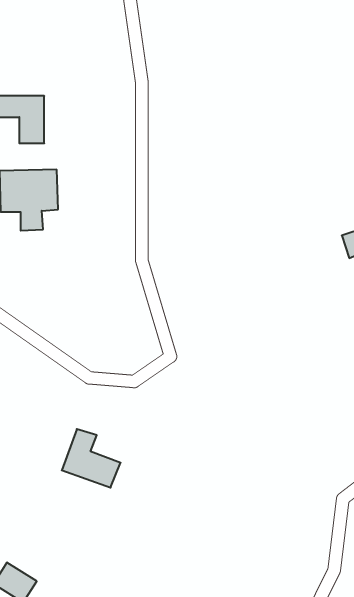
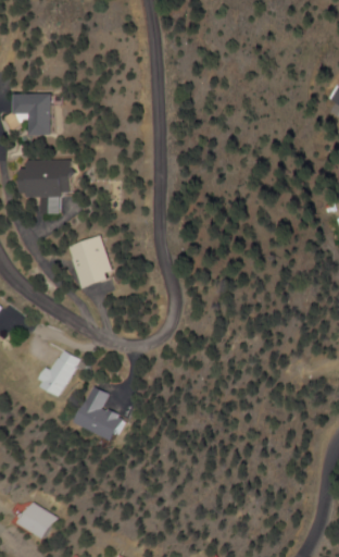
building: none -> [70,234,120,288]
building: none -> [39,350,75,394]

